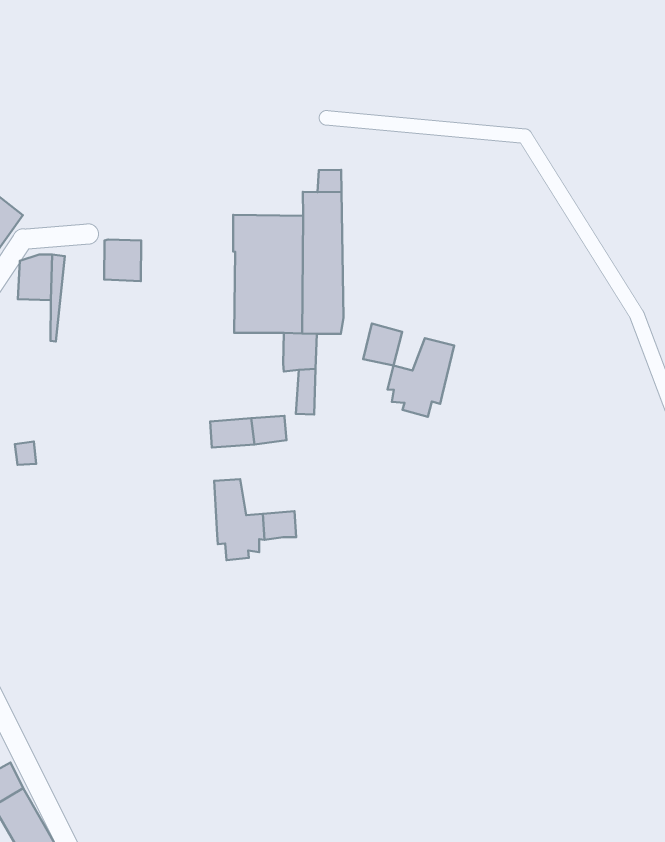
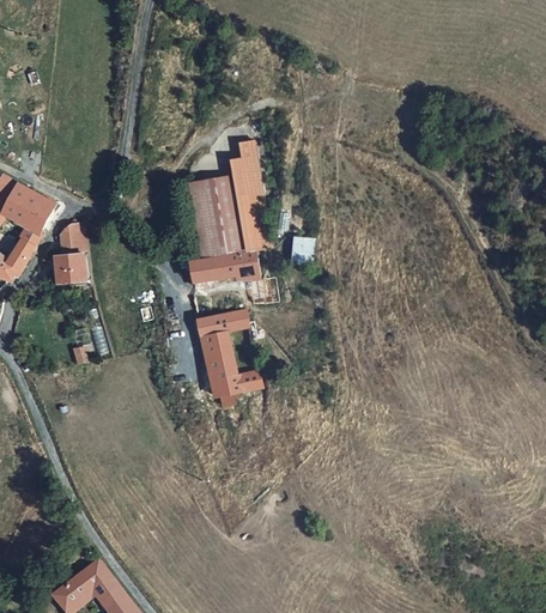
building: [104,239,141,281] -> [56,255,84,284]
building: none -> [192,254,237,281]
building: [387,338,454,417] -> none
building: none -> [200,332,238,376]

